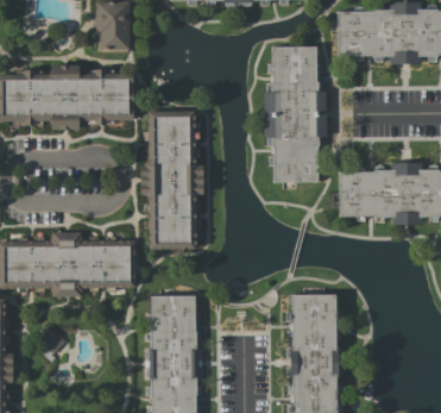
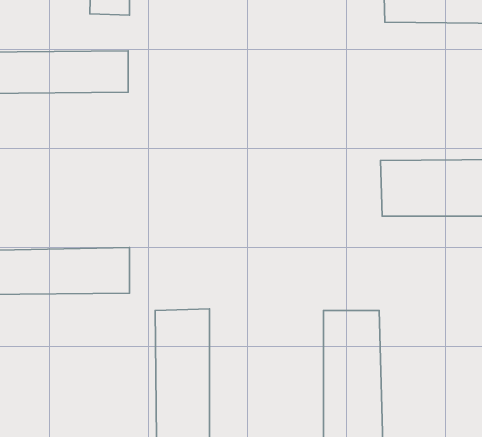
building: [270,45,317,180] -> none
building: [147,112,195,243] -> none

